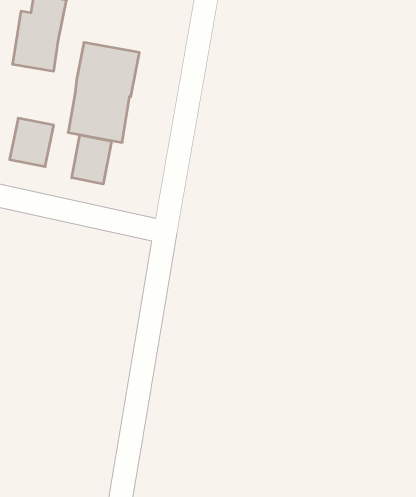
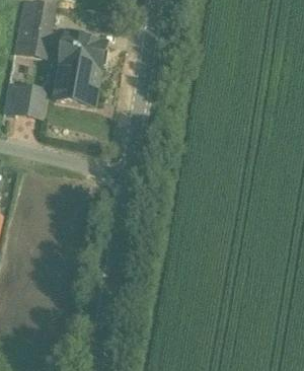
building: [72,135,111,184] -> none

